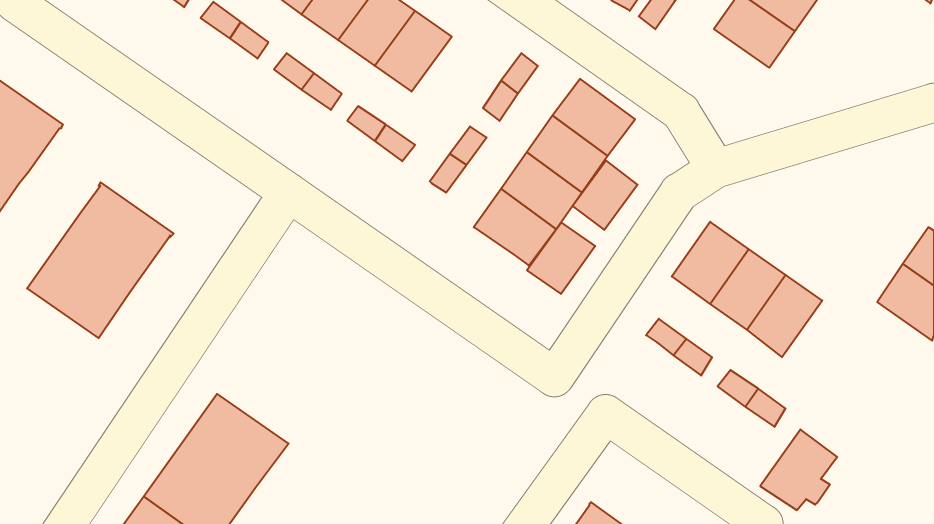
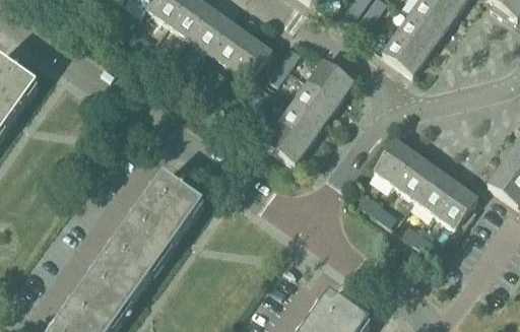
building: none -> [382,30,428,72]
building: none -> [230,35,272,79]
building: [573,161,638,230] -> none
building: [27,182,174,338] -> [122,174,203,260]
building: [527,222,595,294] -> none
building: [760,429,837,510] -> [435,181,477,225]

